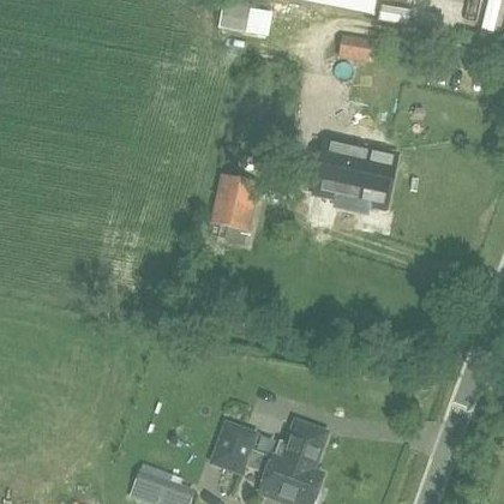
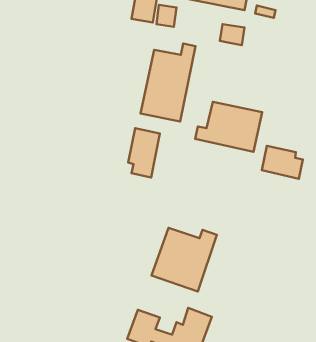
building: none -> [141,44,195,122]
building: none -> [262,146,303,179]
building: none -> [151,228,217,291]

